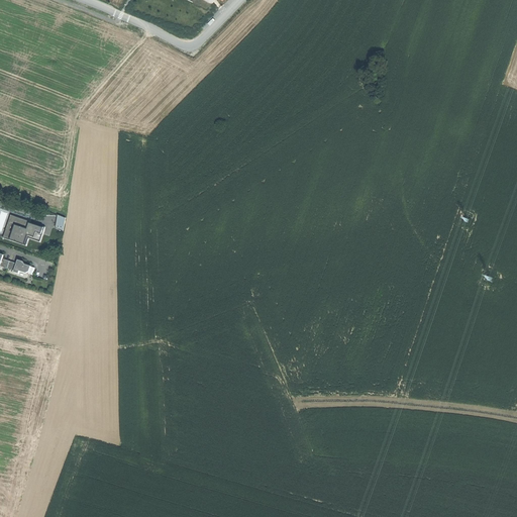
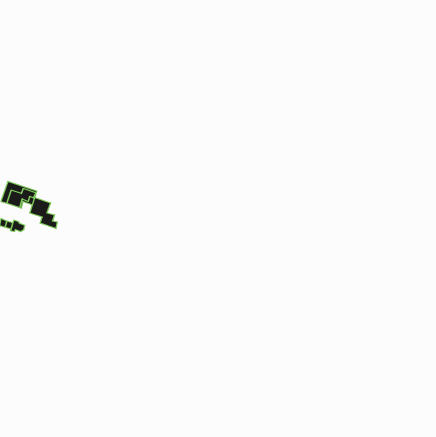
building: none -> [30,198,57,229]

